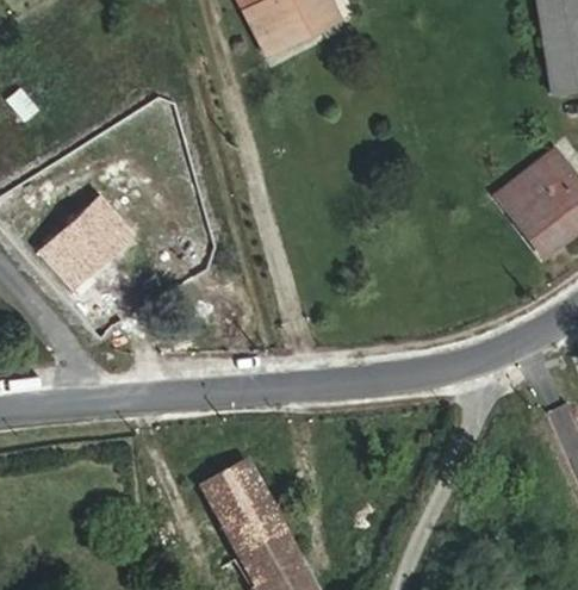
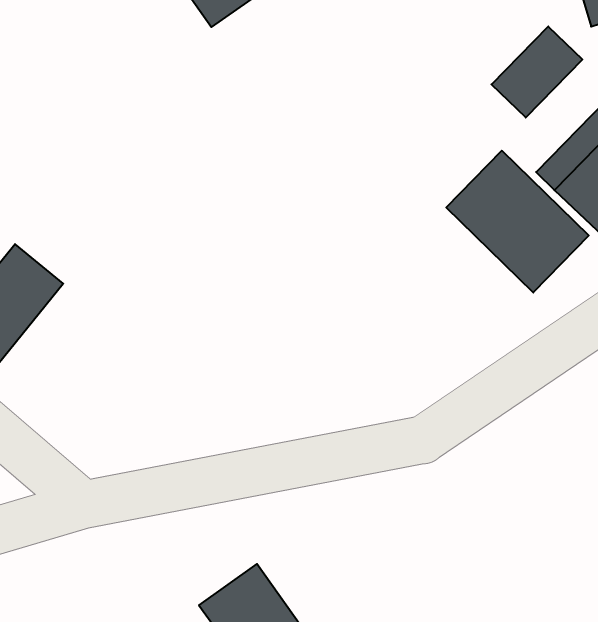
building: none -> [491,26,582,118]
building: none -> [446,151,589,293]

